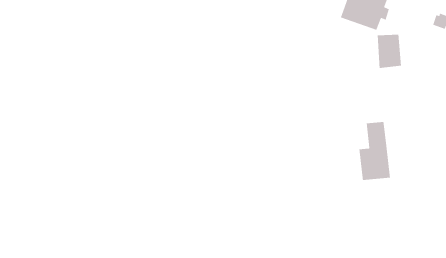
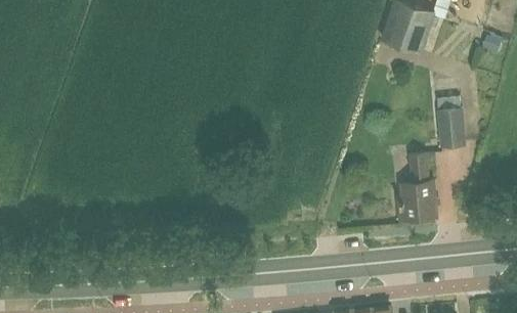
building: [377,34,402,69] -> [437,109,465,148]

